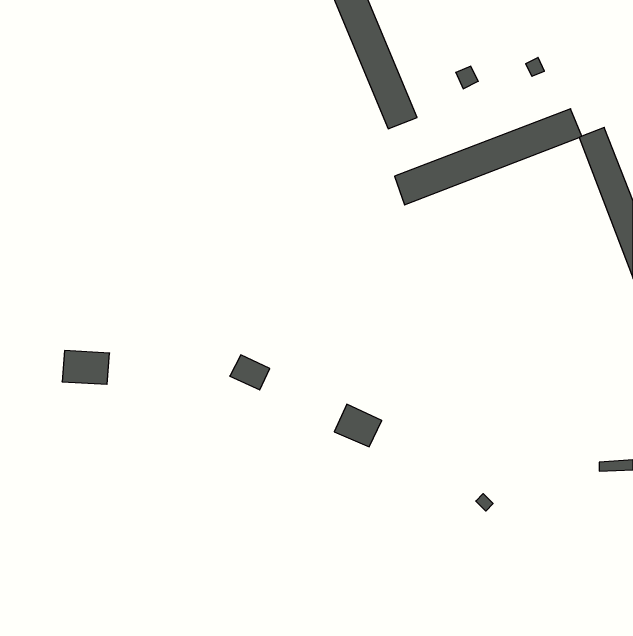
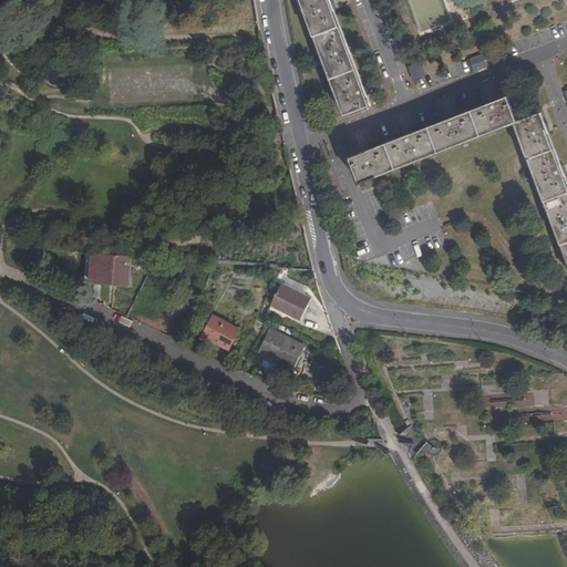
building: none -> [268,280,310,318]
building: [62,351,110,384] -> [86,251,128,281]
building: [334,404,382,447] -> [258,328,300,365]

